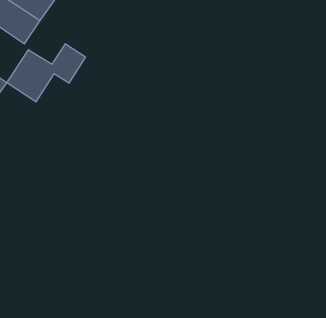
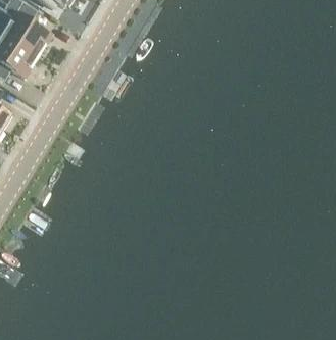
building: [7,44,85,102] -> none

